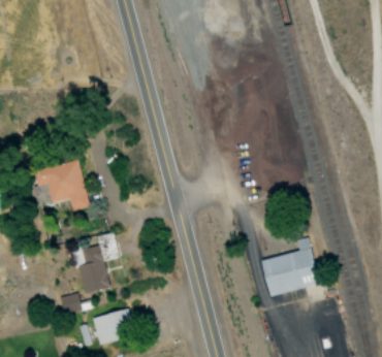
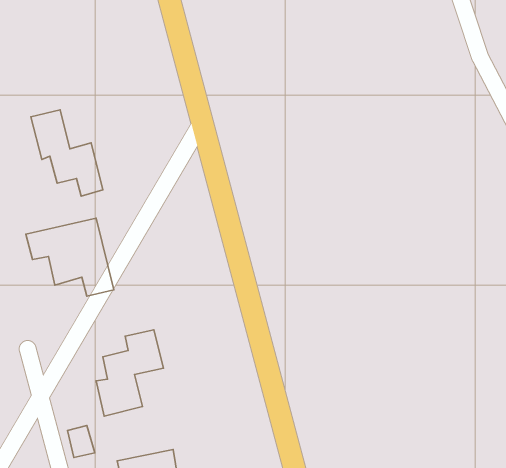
building: none -> [31,110,103,196]
building: [261,237,319,296] -> none

